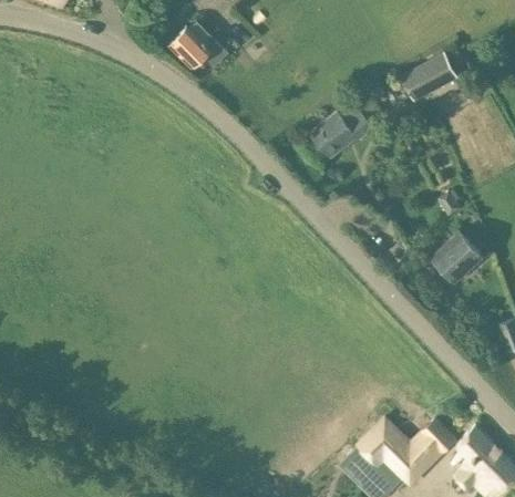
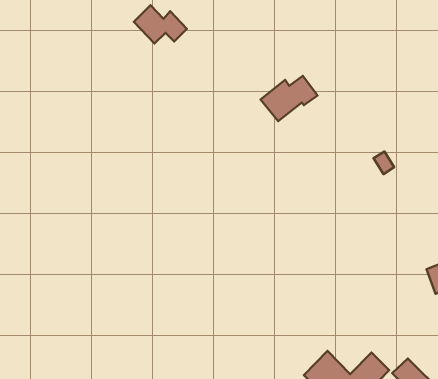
building: [402,52,457,99] -> none
building: [432,232,483,282] -> none

